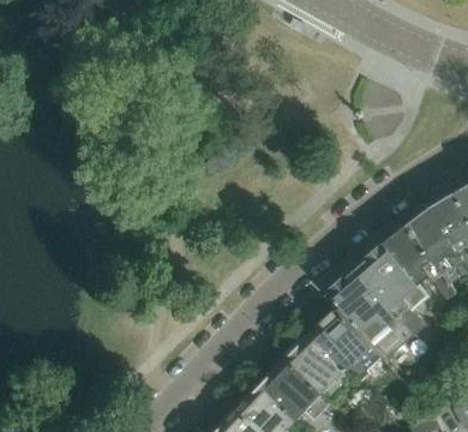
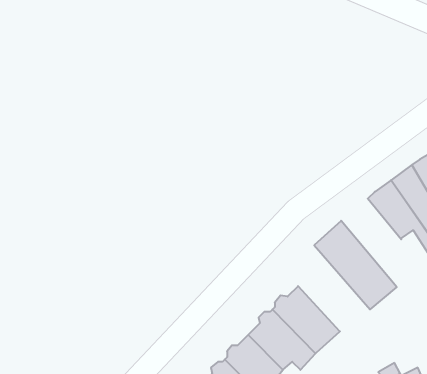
building: [358,242,430,334] -> none
building: [313,308,384,382] -> none

